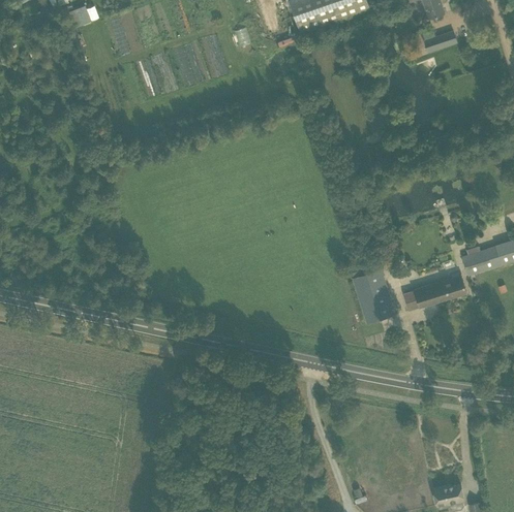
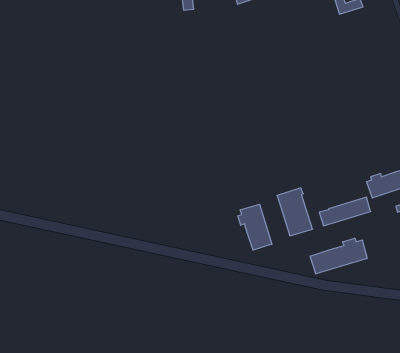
building: none -> [238,204,272,250]
building: none -> [310,238,367,274]

